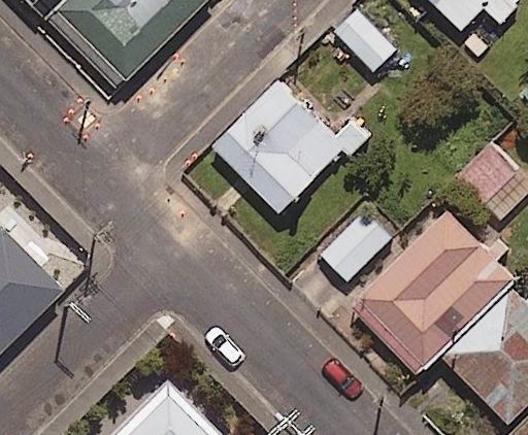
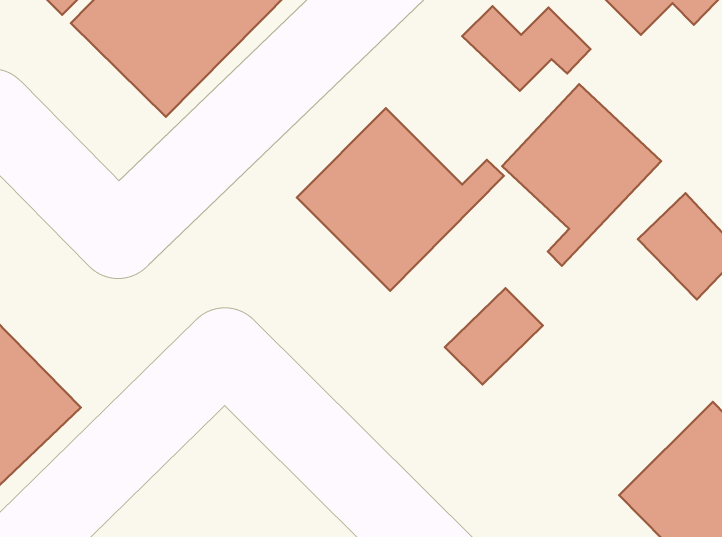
building: none -> [502,84,661,266]
building: [352,211,515,375] -> none

